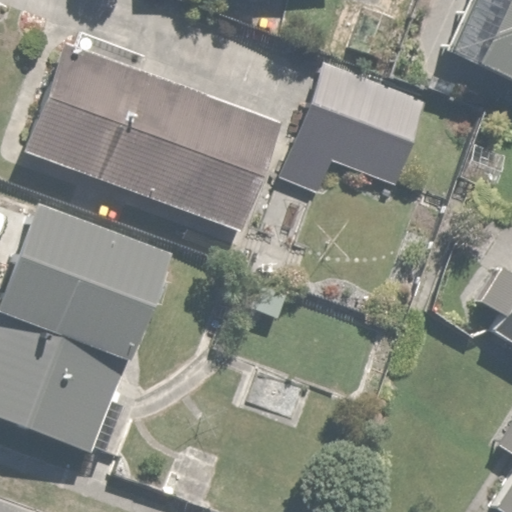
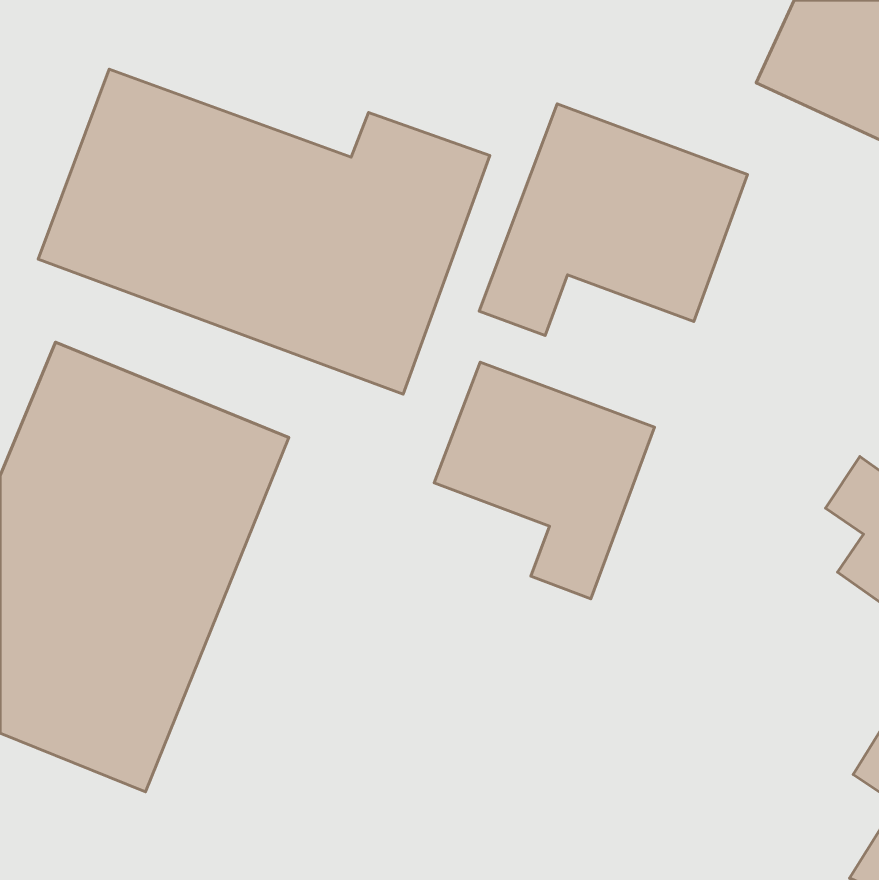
building: none -> [434,362,654,599]

